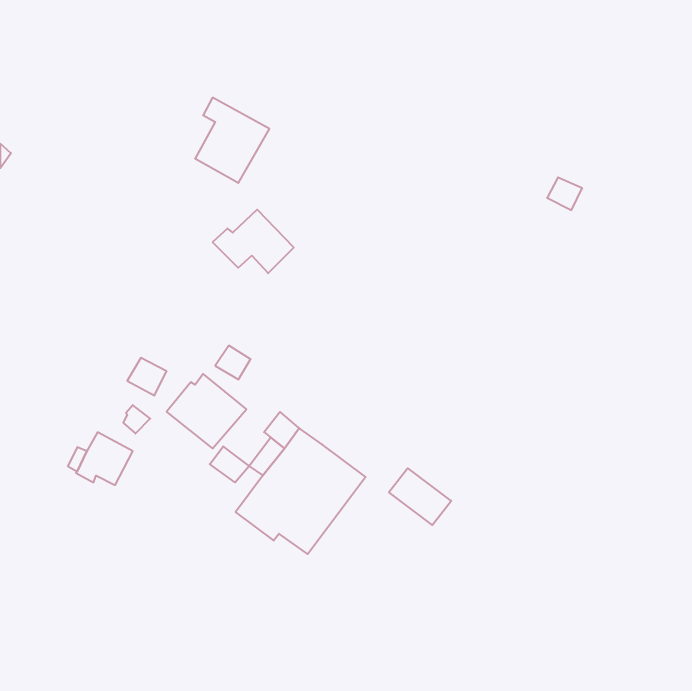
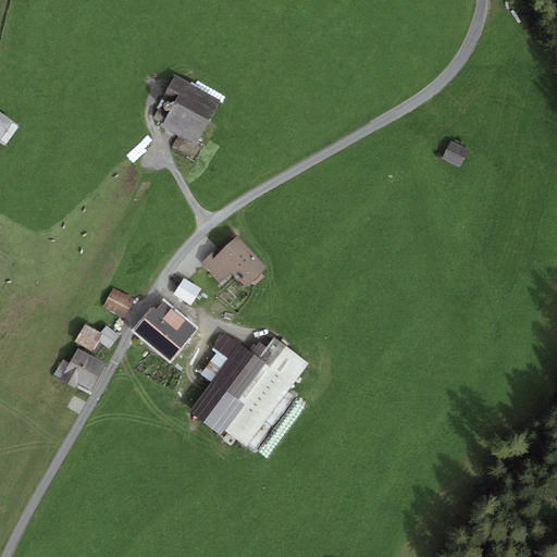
building: [213,210,294,273] -> [201,235,267,286]
building: none -> [75,323,102,351]
building: [210,446,249,482] -> none
building: [389,468,451,525] -> [259,337,309,383]

